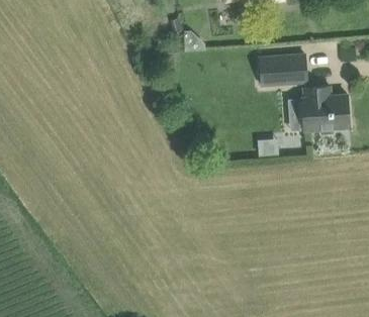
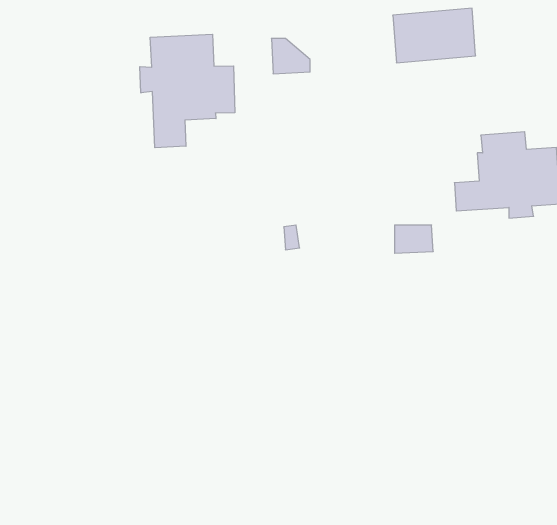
building: none -> [140,34,235,148]
building: [259,54,306,85] -> [393,8,476,63]

